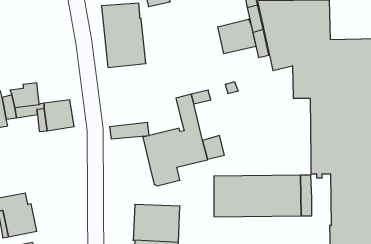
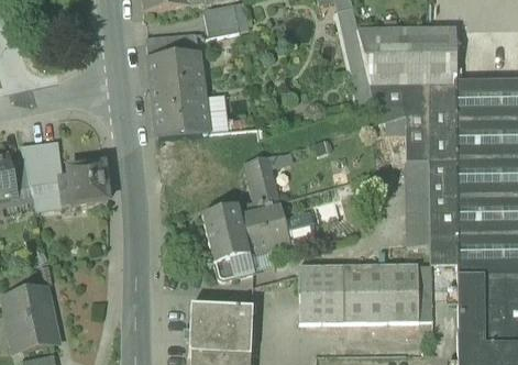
building: [218,19,256,54] -> none
building: none -> [407,159,431,243]
building: none -> [31,181,62,208]
building: [110,123,149,139] -> [155,112,209,134]

